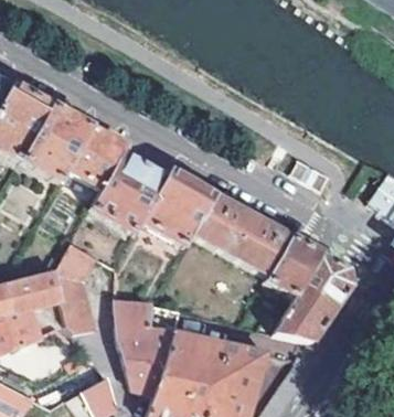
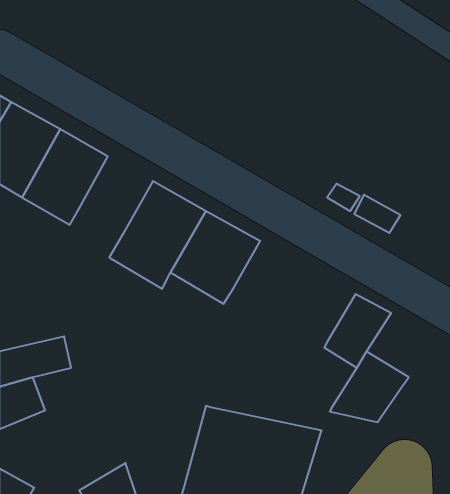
building: [70,128,129,191] -> none
building: [194,196,294,278] -> none
building: [57,244,98,333] -> none
building: [302,255,351,307] -> none
building: [116,301,182,395] -> none

